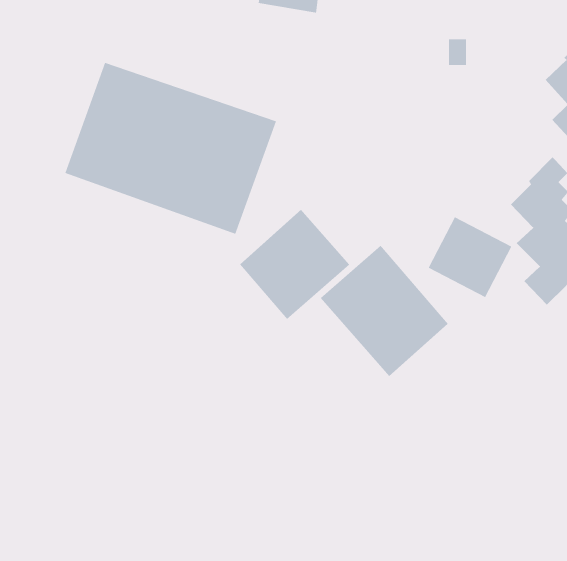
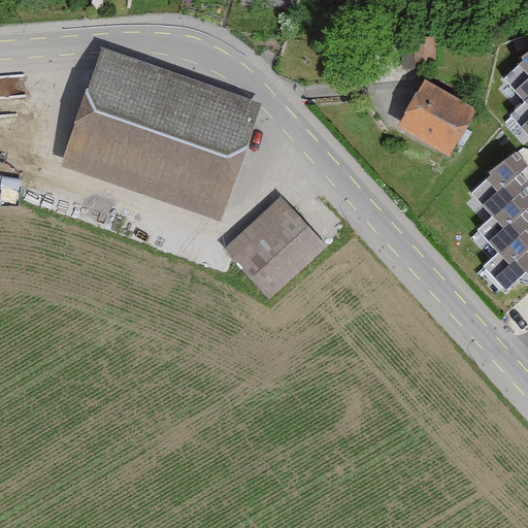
building: [428,217,512,298] -> [401,81,480,157]
building: [320,245,448,377] -> none

